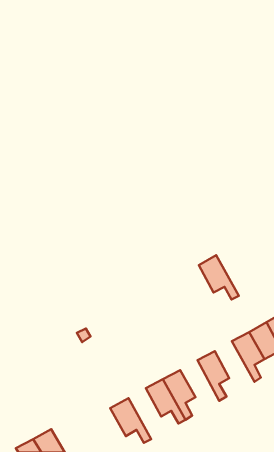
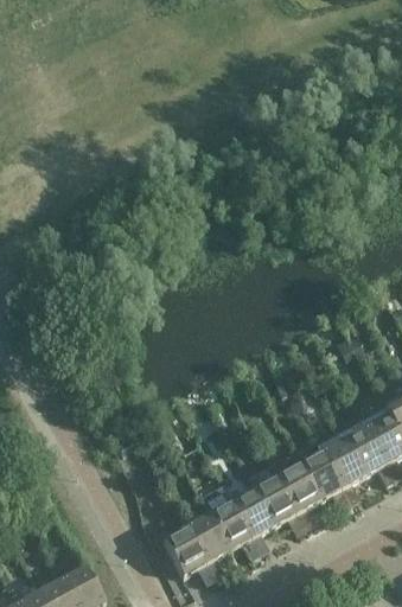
building: [199,255,239,300] -> [298,451,350,509]
building: none -> [253,475,304,533]
building: none -> [185,512,228,579]

